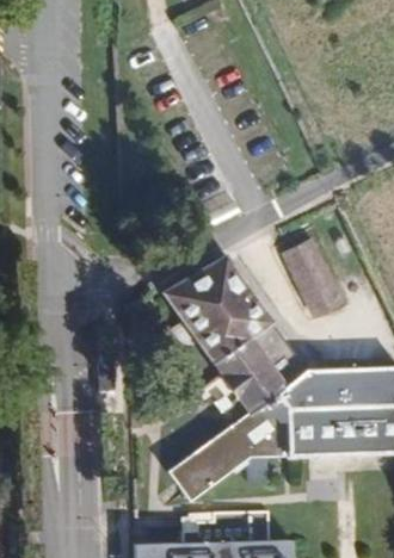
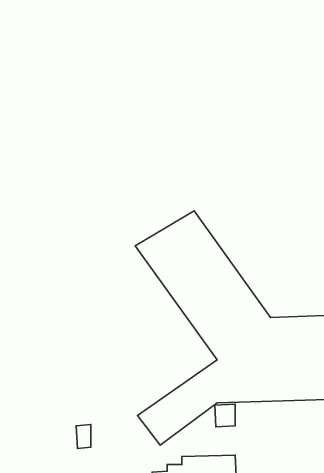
building: [284,238,343,316] -> none

